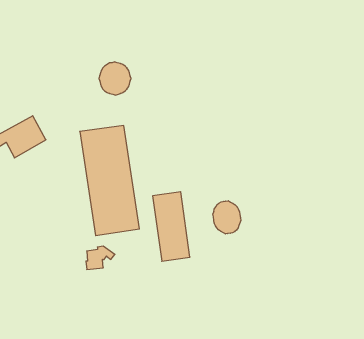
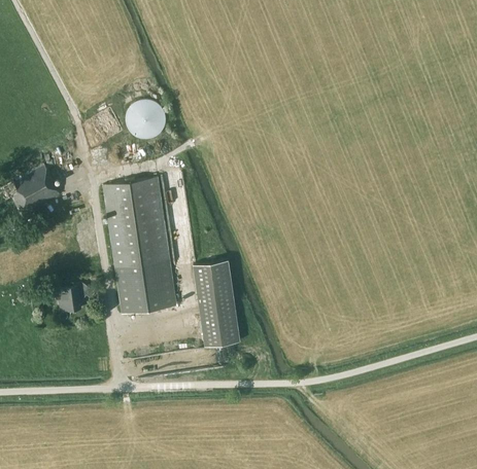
building: [213,201,241,234] -> none
building: [86,246,115,269] -> [60,282,96,311]

